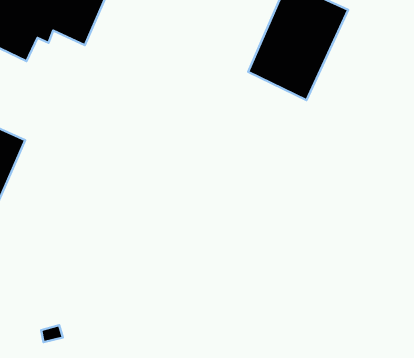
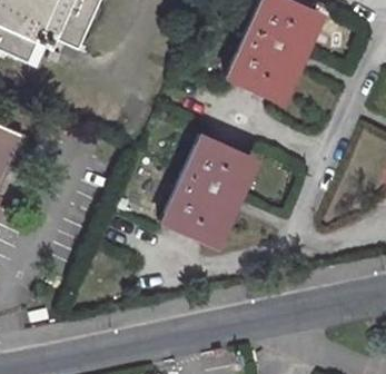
building: none -> [160,137,254,247]

